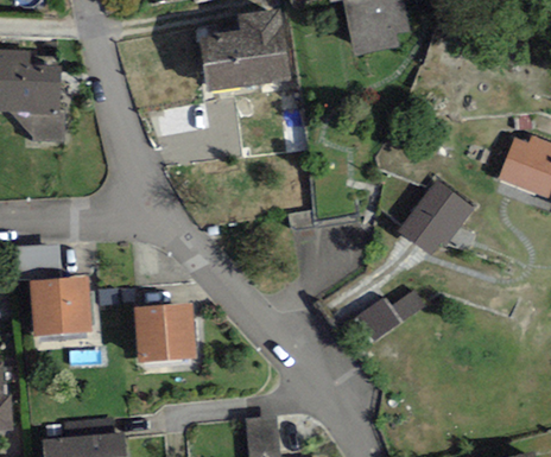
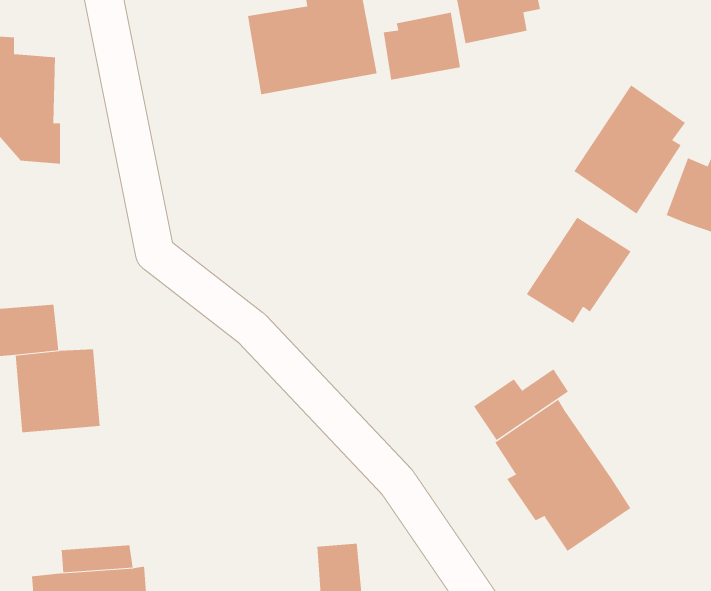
building: none -> [383,12,460,80]
building: none -> [574,84,686,215]
building: [133,302,197,363] -> none
building: none -> [495,399,631,552]

